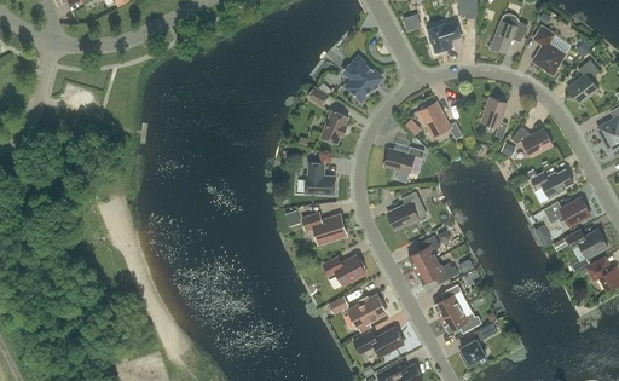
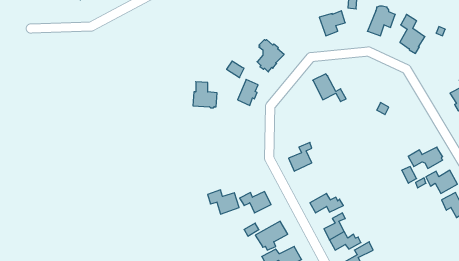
building: [568,58,600,102] -> none
building: [481,97,508,137] -> none
building: [511,126,553,156] -> none
building: [384,146,424,172] -> none
building: [305,161,336,195] -> [193,82,217,108]
building: [531,168,574,197] -> none
building: [302,212,343,243] -> [208,190,239,214]
building: [409,235,441,270] -> none

